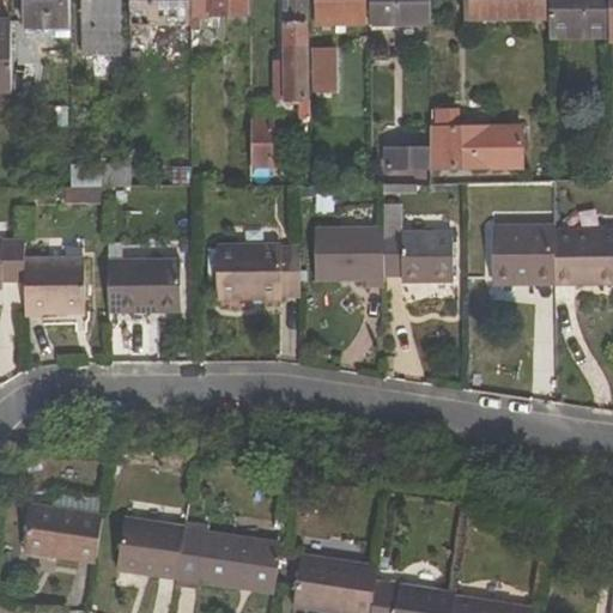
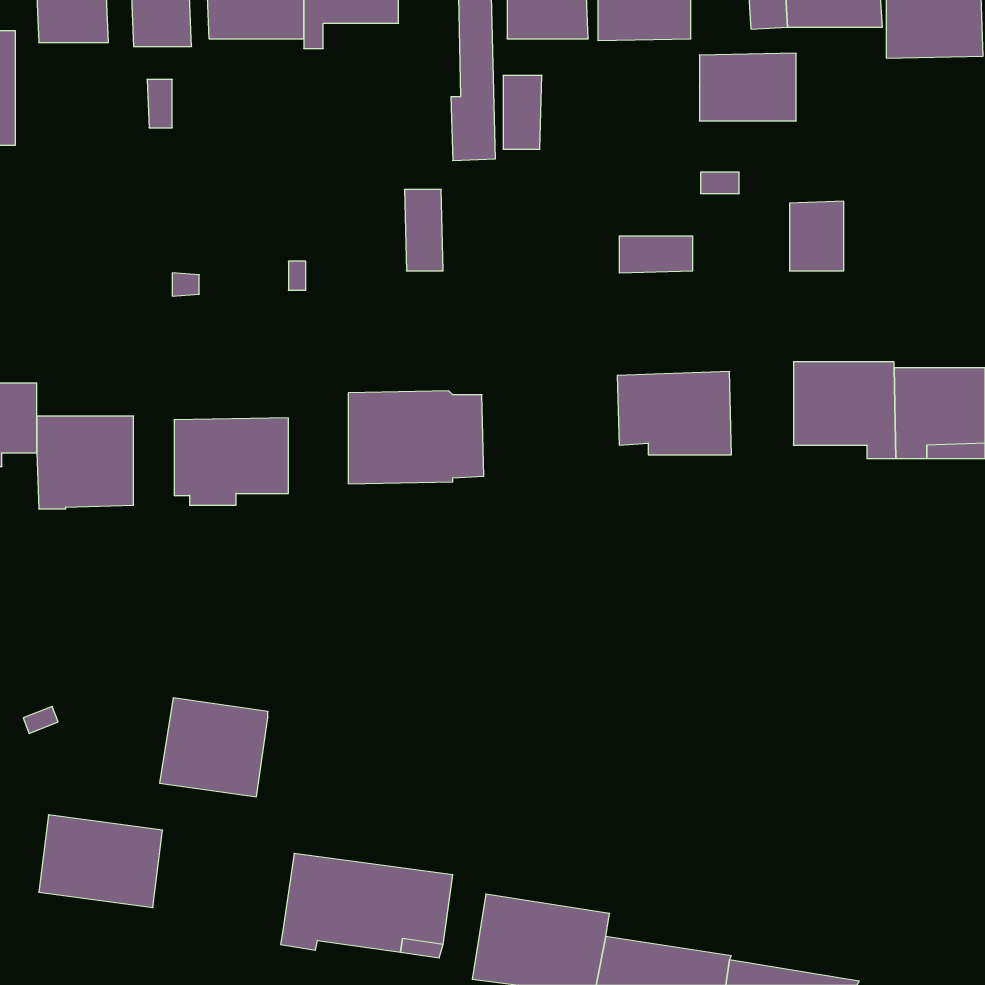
building: [429,126,488,168] -> [699,53,796,121]
building: [314,226,383,286] -> none
building: [115,516,182,577] -> [160,698,268,797]

